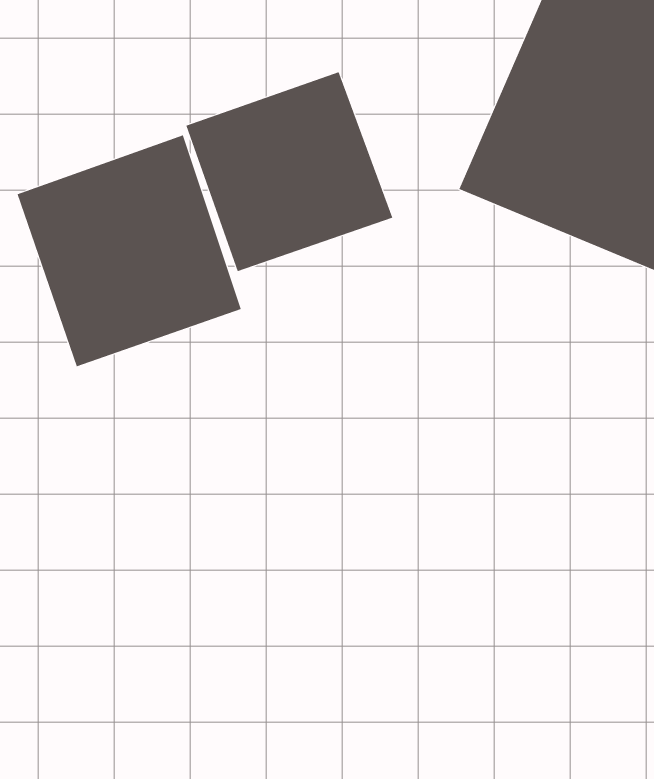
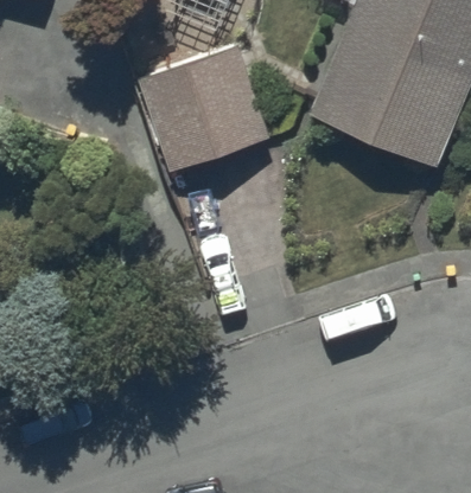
building: [17,135,241,367] -> none

